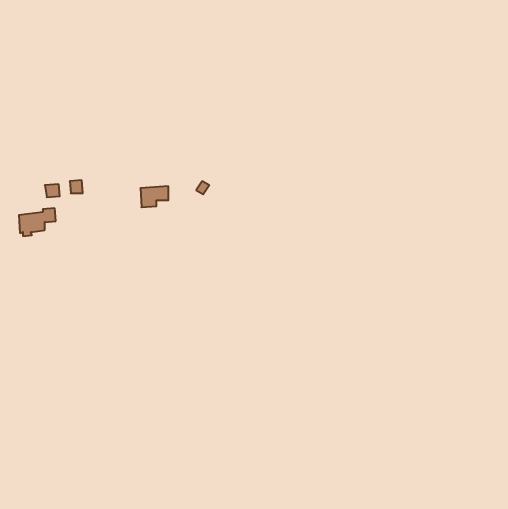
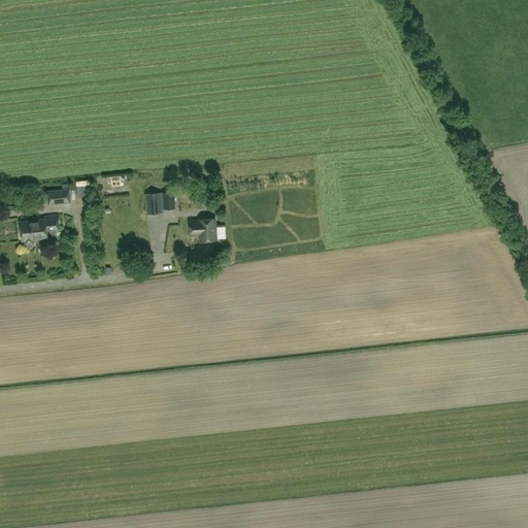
building: none -> [189,219,216,241]

